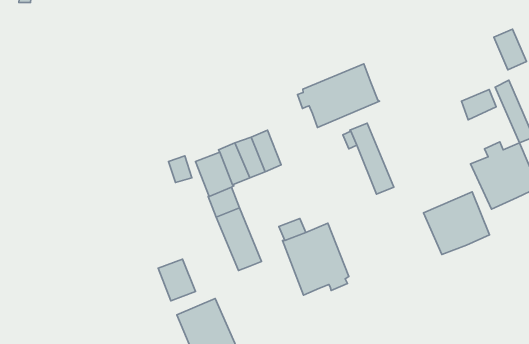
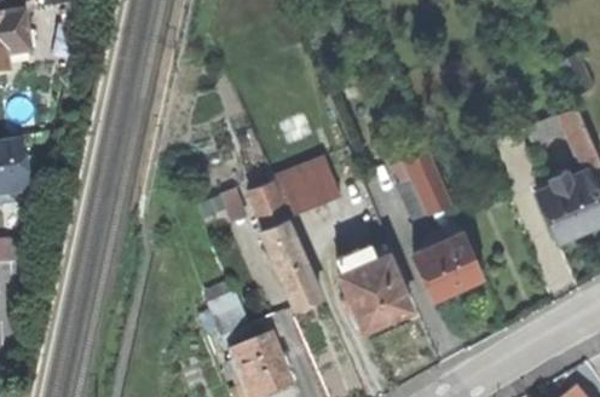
building: [297,64,380,127] -> none
building: [423,192,490,255] -> [414,230,483,295]

